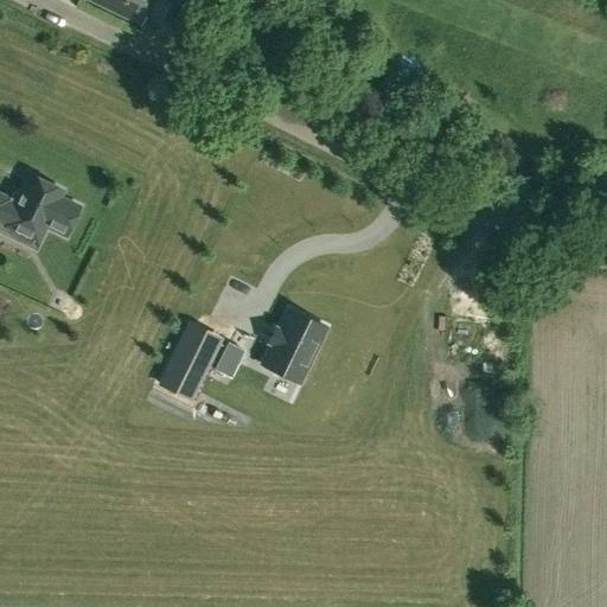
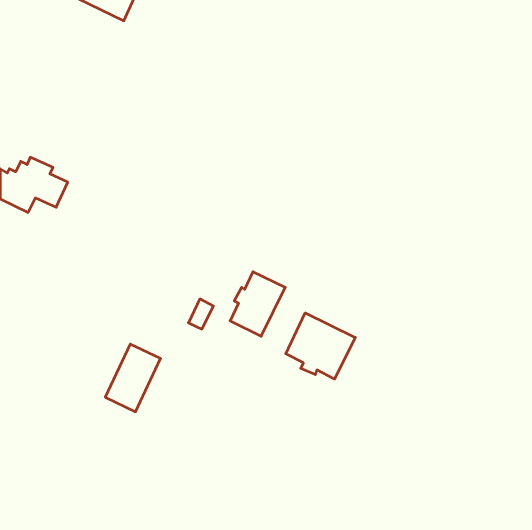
building: [161,319,224,396] -> [105,344,161,412]
building: none -> [286,313,355,379]

